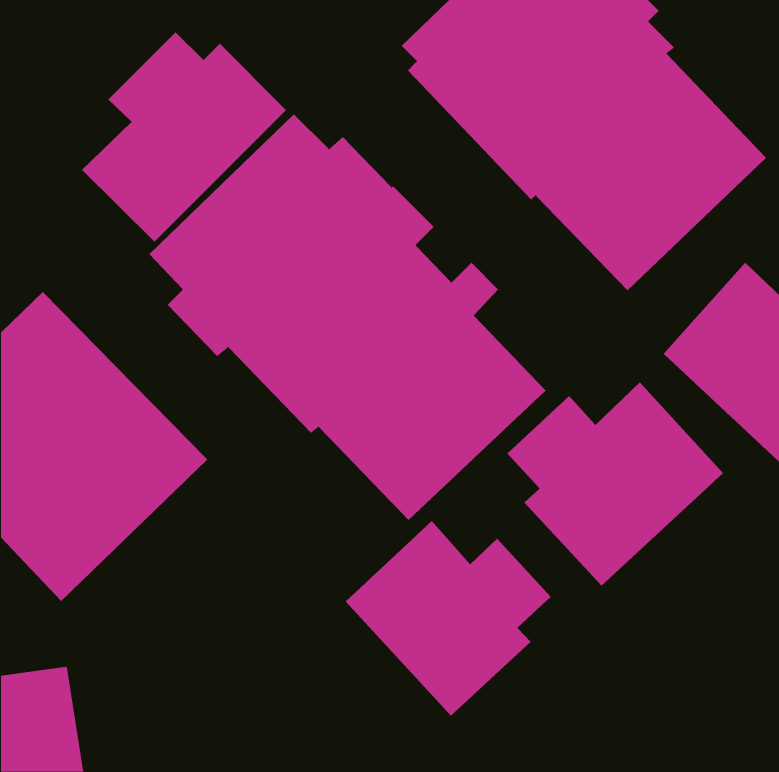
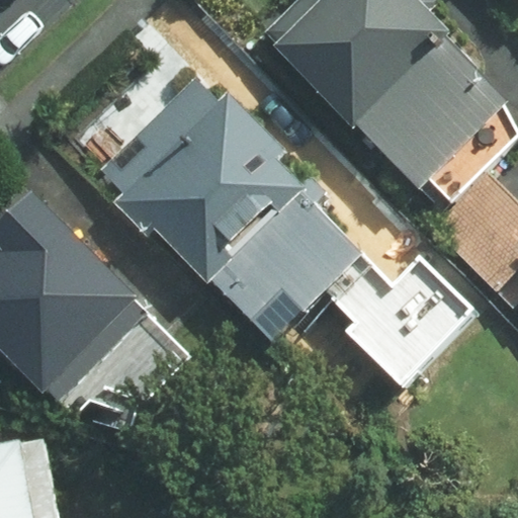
building: [81,32,287,242] -> none
building: [345,520,552,716] -> none

